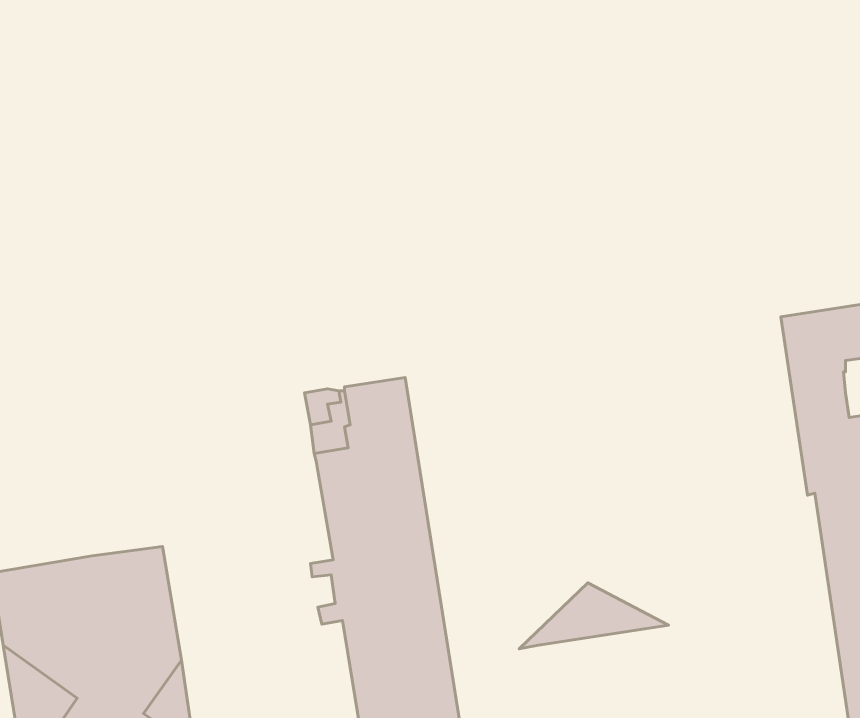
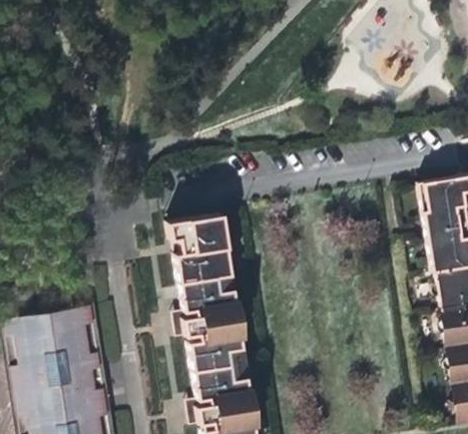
building: [519,583,669,649] -> none

